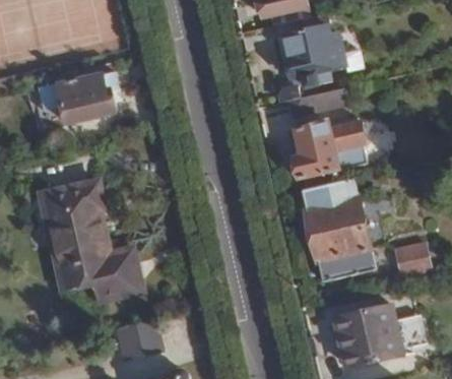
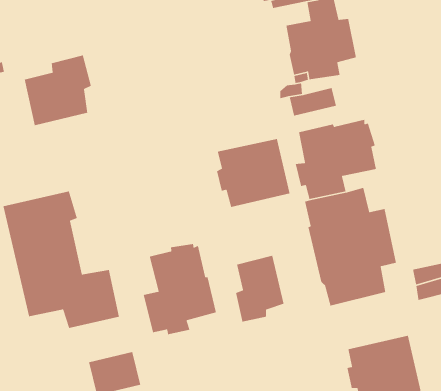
building: none -> [216,138,291,208]
building: none -> [143,243,217,335]
building: none -> [235,255,284,323]

